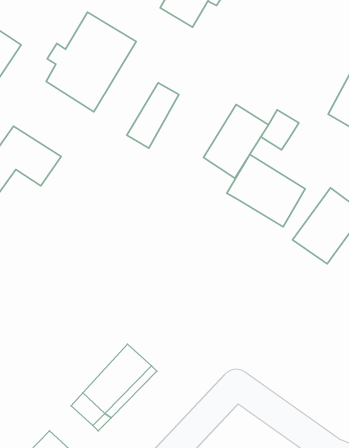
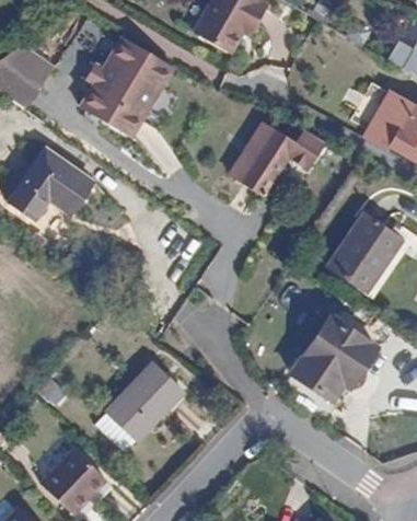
building: [127,83,179,148] -> none
building: [227,154,305,227] -> none
building: none -> [288,314,374,404]

